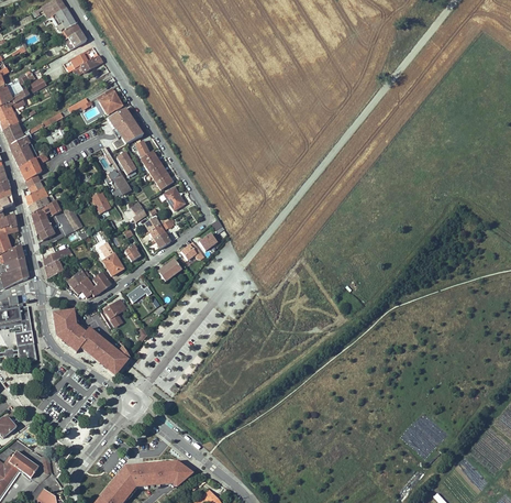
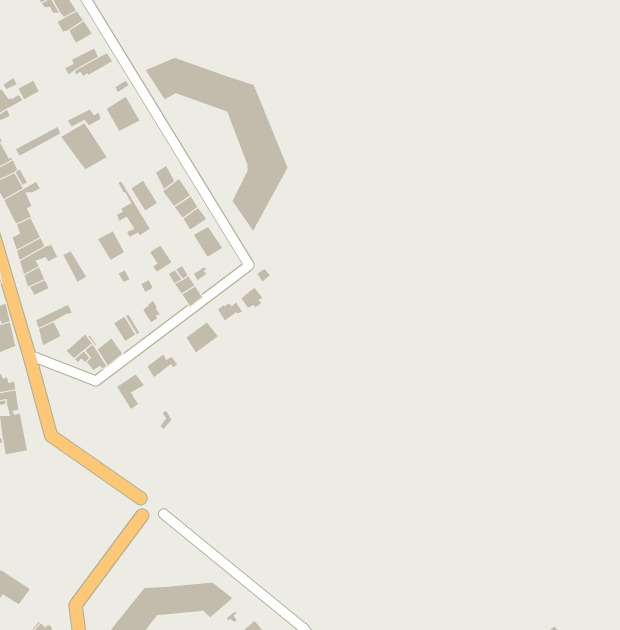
building: none -> [145,57,288,232]
building: [107,110,143,146] -> [60,122,108,170]
building: [53,311,130,380] -> none

